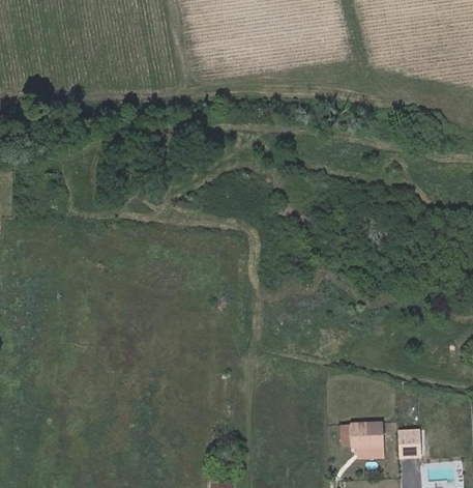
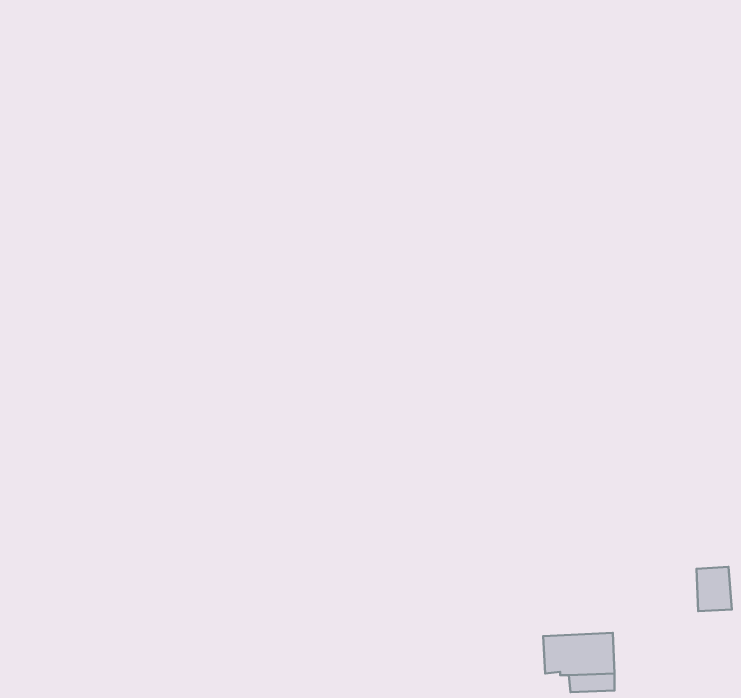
building: [397,430,419,457] -> [696,567,732,611]

